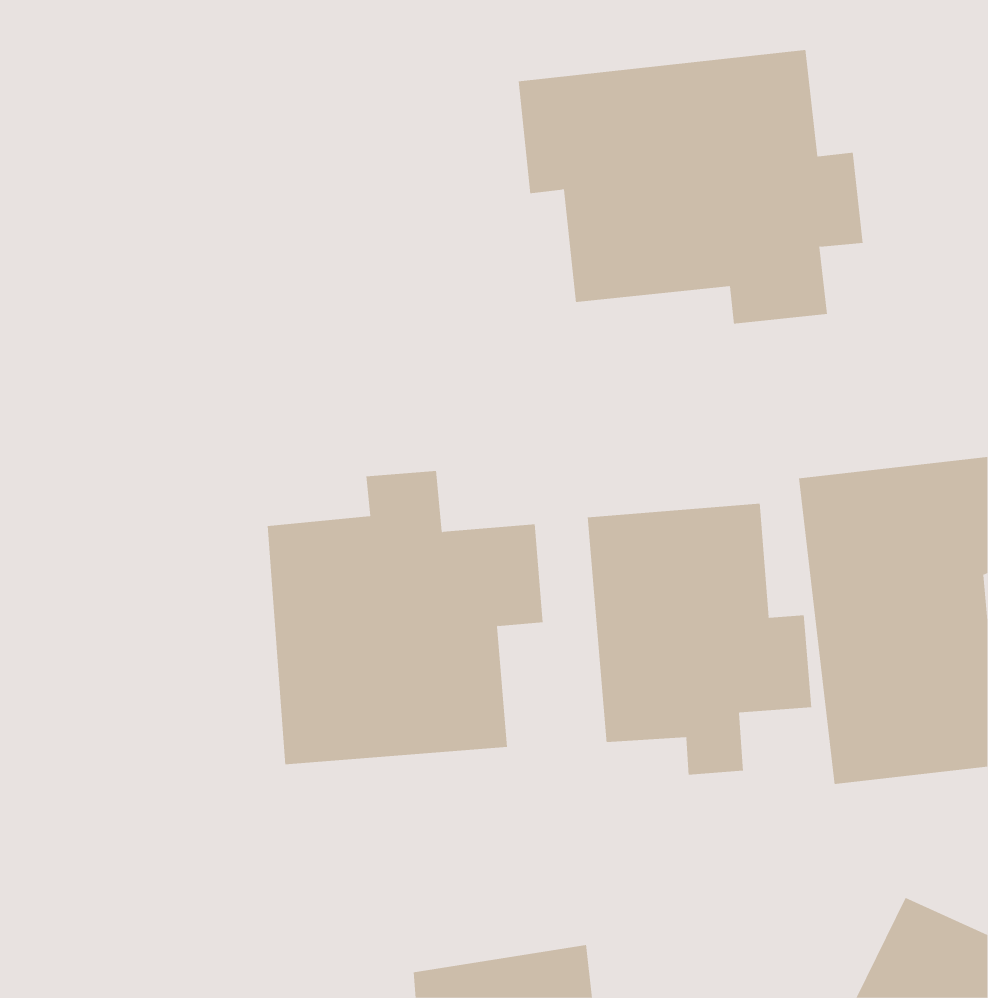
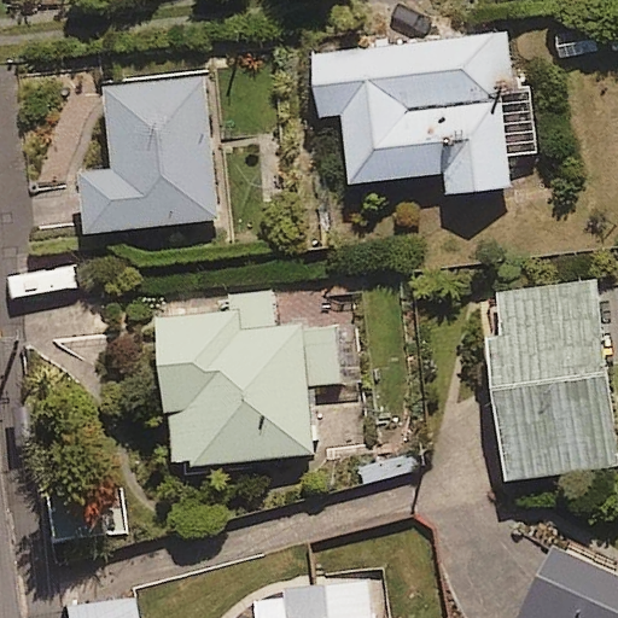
building: none -> [81,76,212,233]
building: [587,503,812,775] -> none

